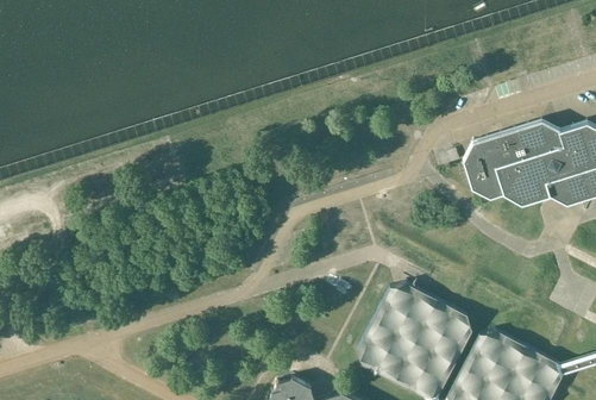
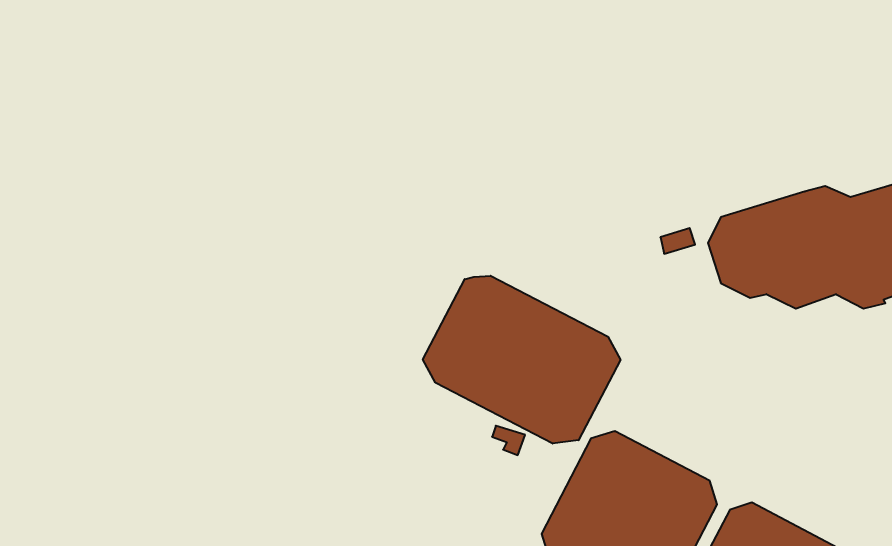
building: none -> [423,276,620,444]

